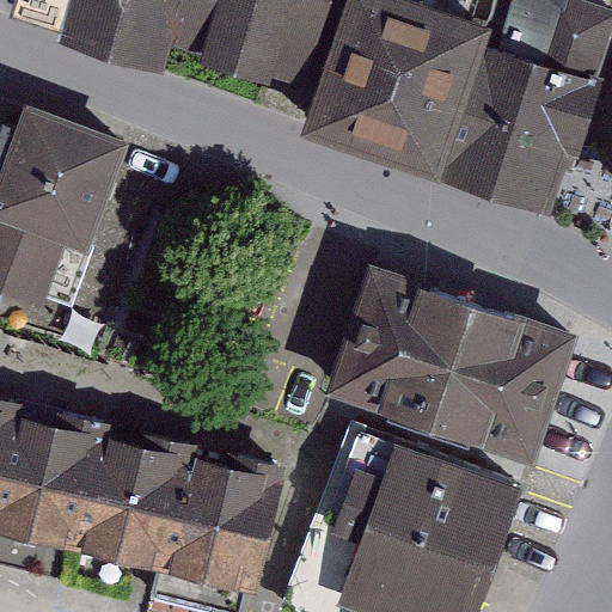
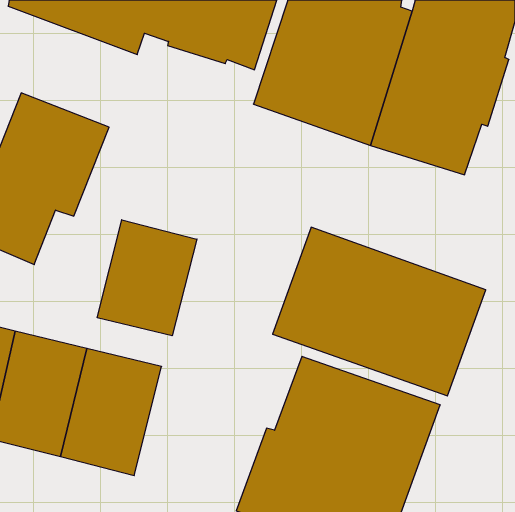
building: none -> [97,220,197,336]
building: [159,439,288,592] -> none

